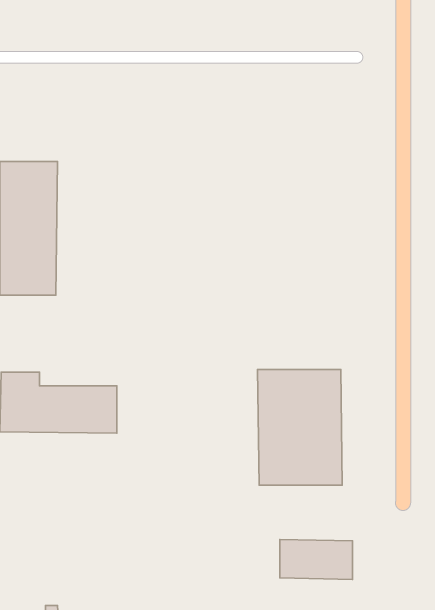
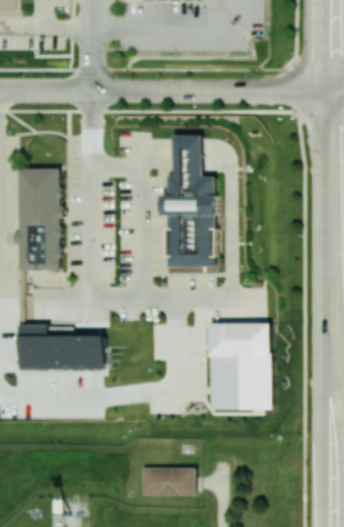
building: none -> [162,135,216,267]
building: [280,539,352,579] -> [140,466,194,496]

